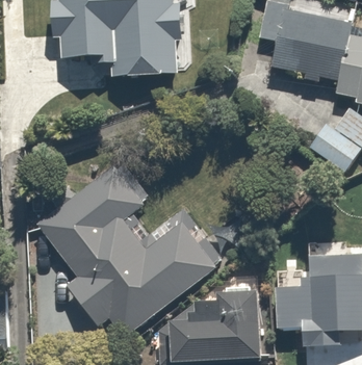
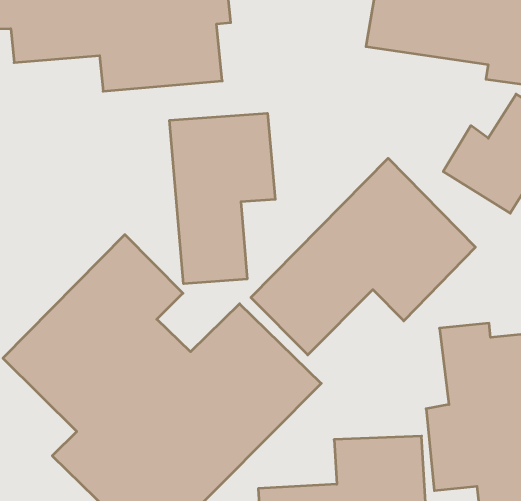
building: none -> [170,113,275,284]
building: none -> [251,158,475,355]

